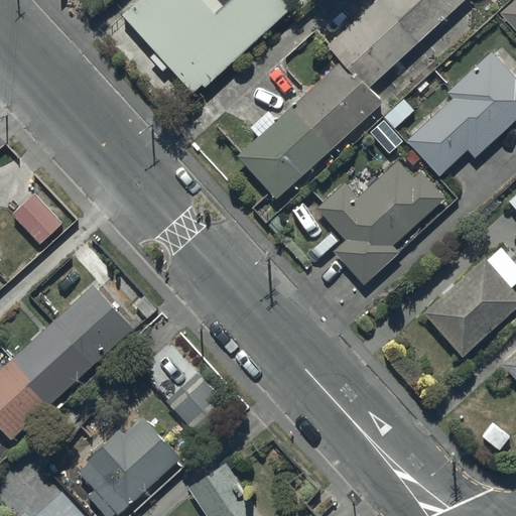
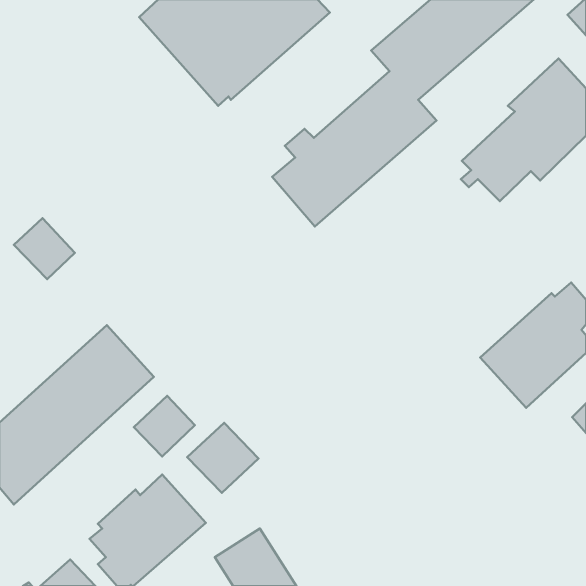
building: [316,158,445,285] -> none
building: none -> [134,396,195,456]

